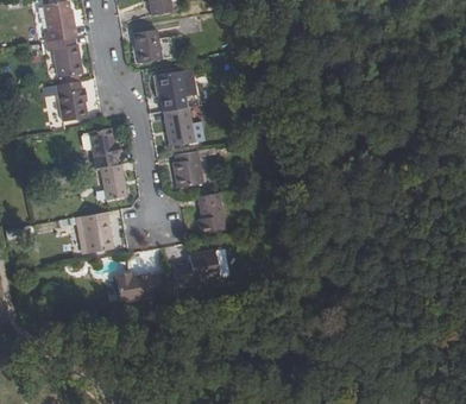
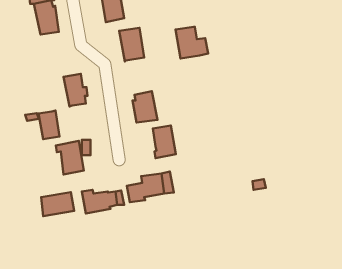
building: [46,81,87,122] -> none
building: [164,107,204,146] -> [176,27,208,58]
building: [97,163,124,198] -> [38,110,59,139]
building: none -> [41,192,74,216]

